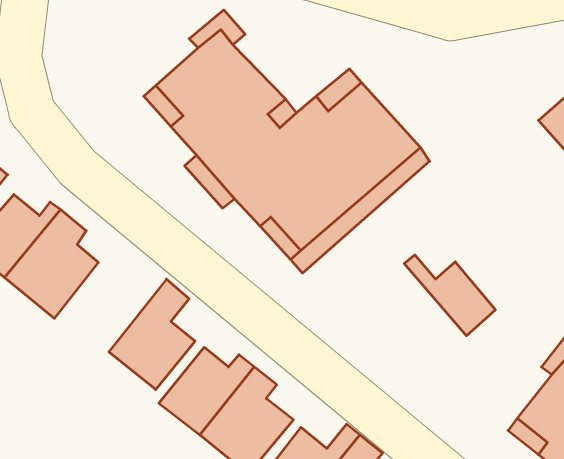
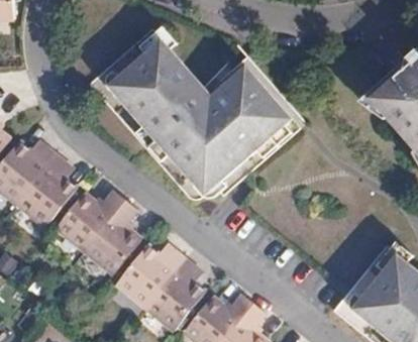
building: [404,255,495,336] -> none
building: none -> [56,195,120,249]

